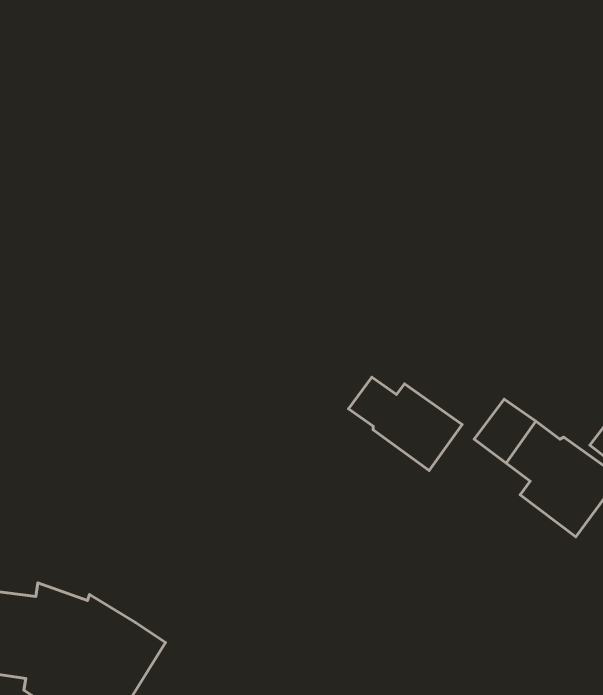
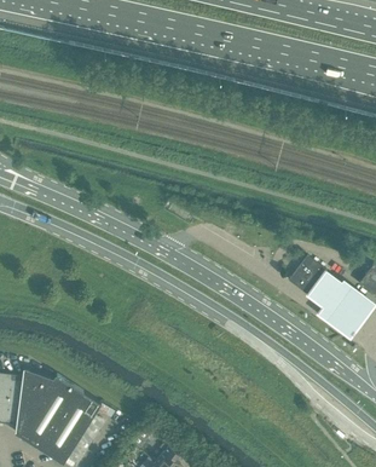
building: [348,377,462,471] -> none

